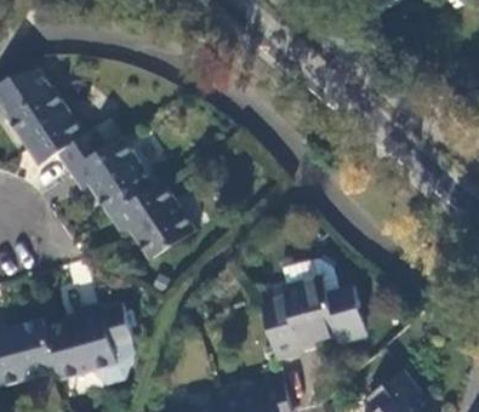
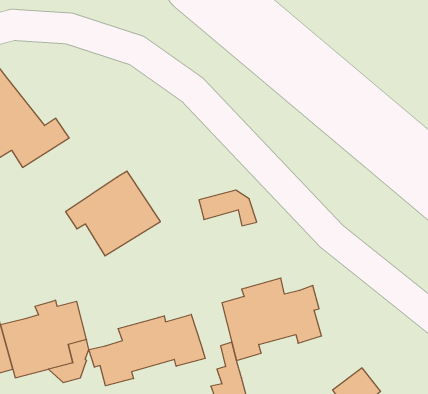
building: [67,132,160,216] -> none
building: [283,262,340,297] -> [199,190,257,226]
building: none -> [89,314,205,386]

